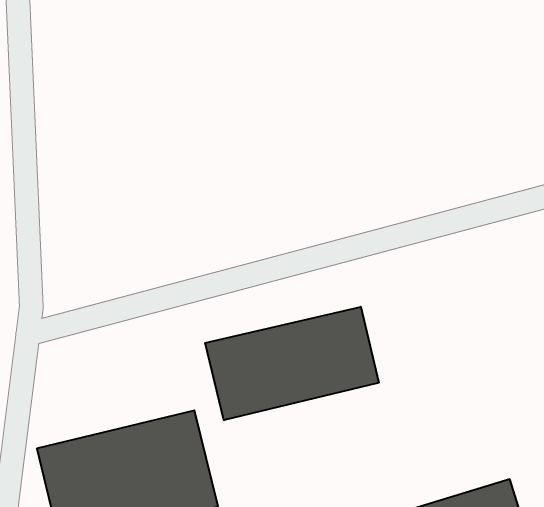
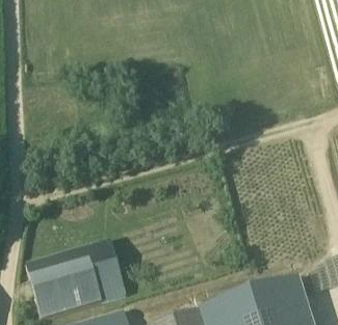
building: [205,307,379,420] -> none

